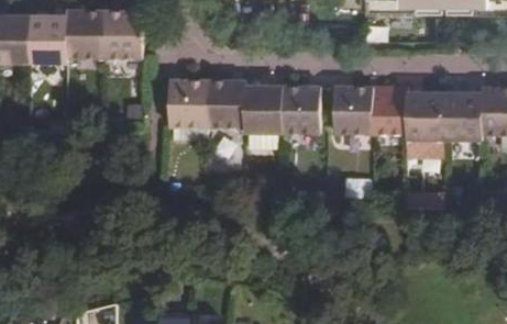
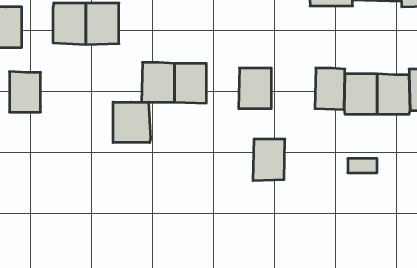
building: [29,14,65,62] -> [9,72,41,112]
building: [244,85,283,133] -> none
building: [334,86,372,134] -> [253,139,285,181]
building: none -> [113,102,151,143]

